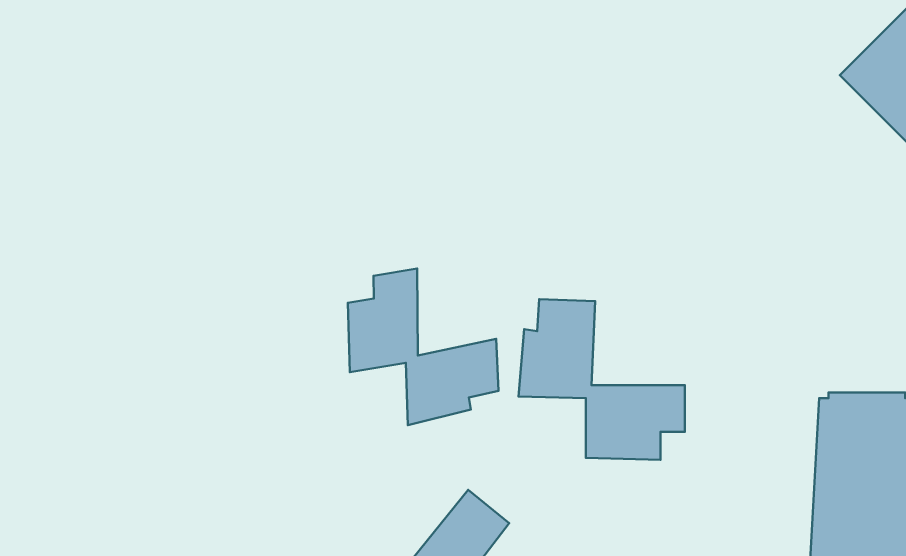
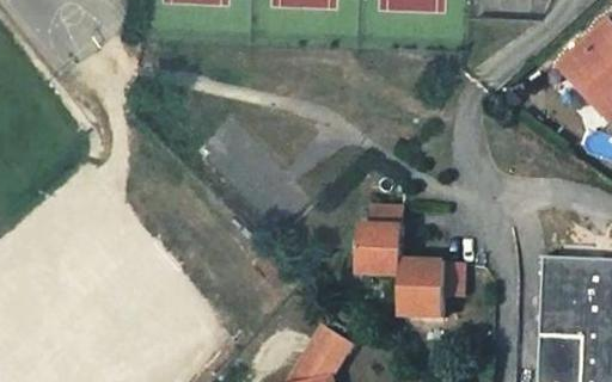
building: [348,268,498,425] -> none

